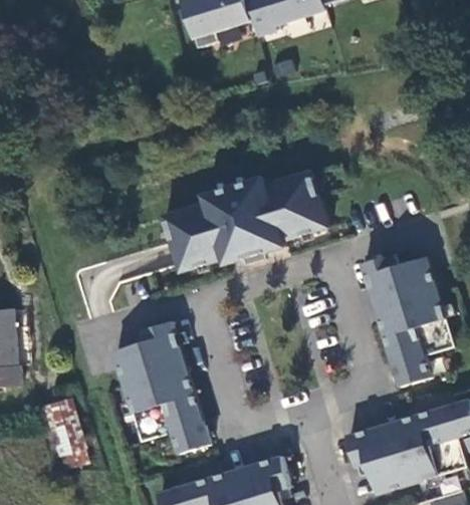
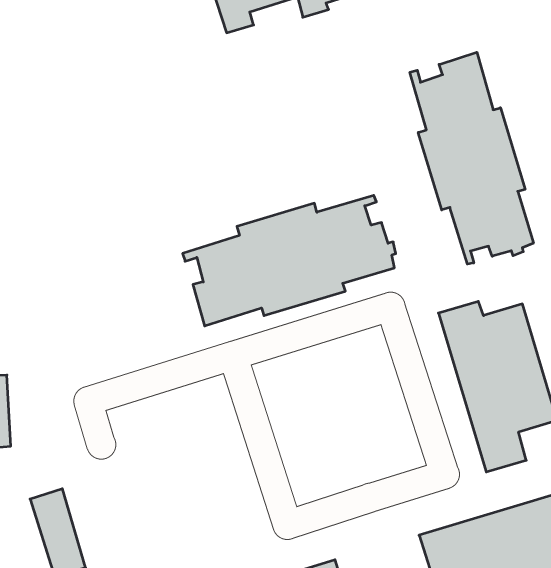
building: none -> [410,52,533,264]
building: [112,321,208,453] -> none

